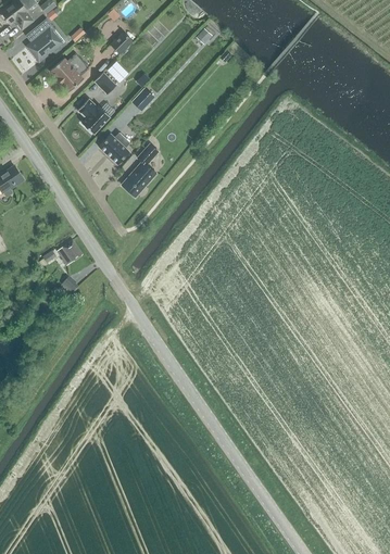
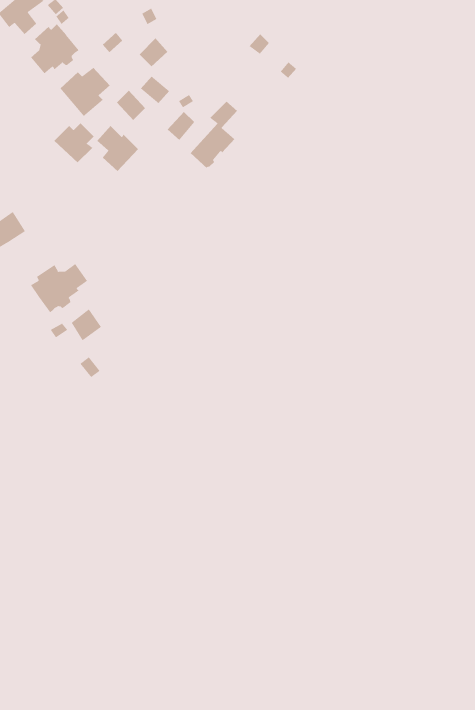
building: [98,131,129,163] -> [54,122,95,163]
building: [121,144,158,197] -> [190,101,238,169]
building: none -> [30,263,88,313]

